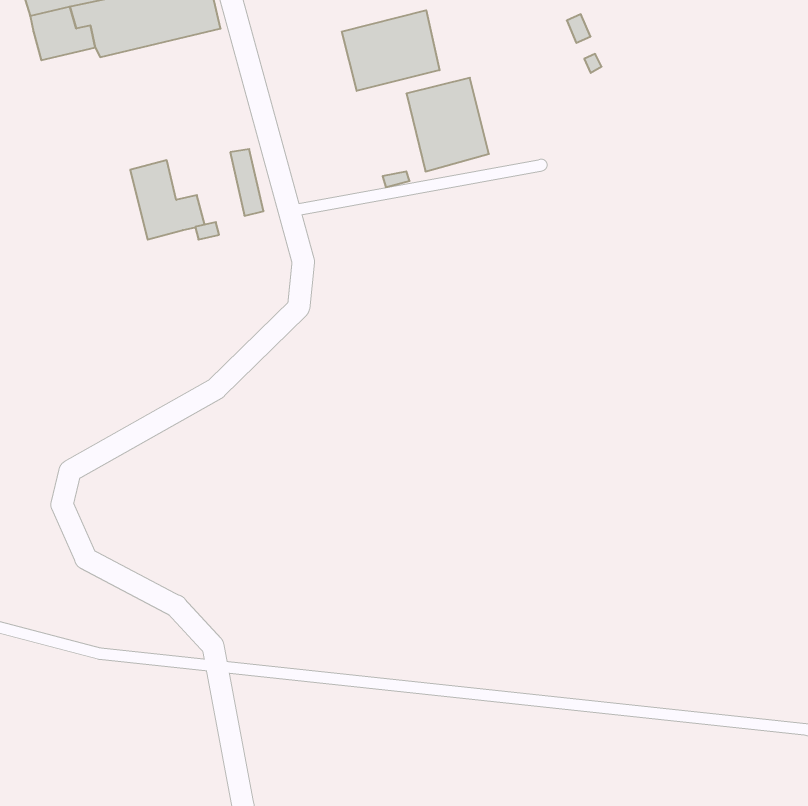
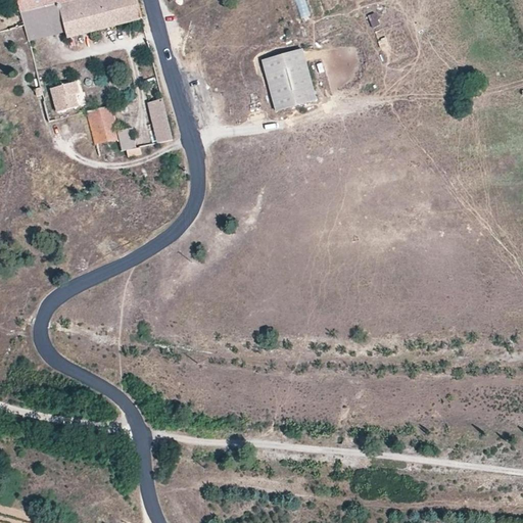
building: [342,10,440,91] -> none
building: none -> [50,78,79,108]

